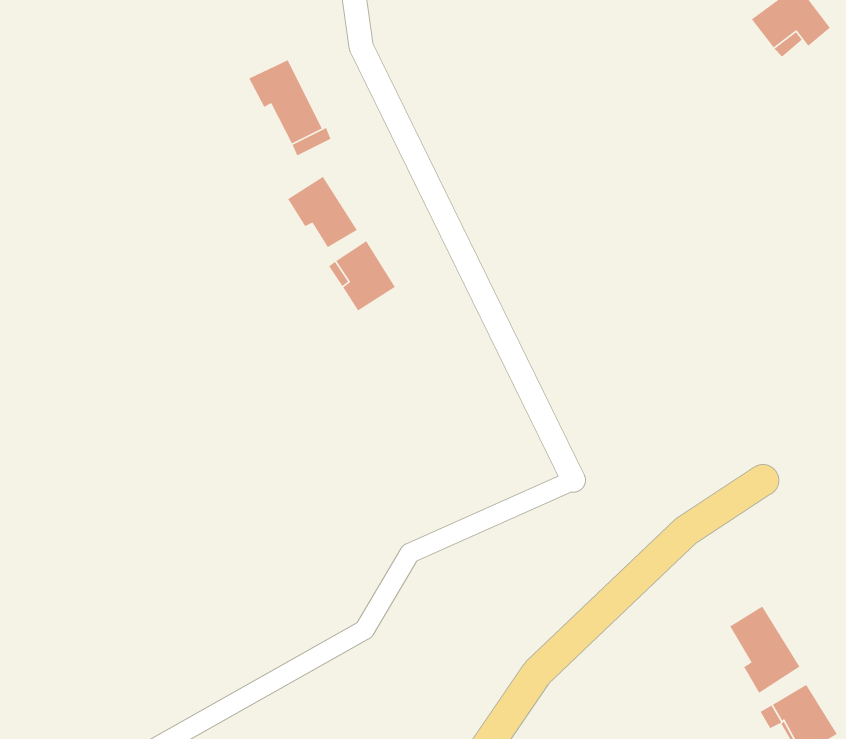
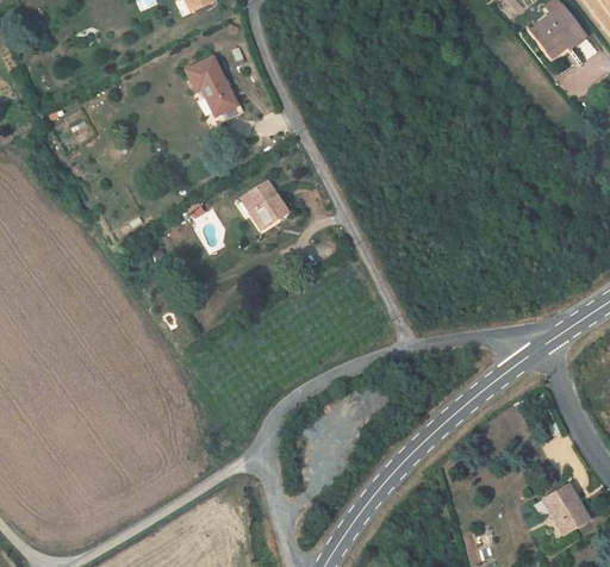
building: [287,176,358,248] -> none
building: [729,605,801,694] -> none

